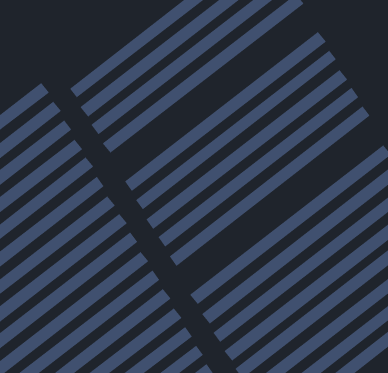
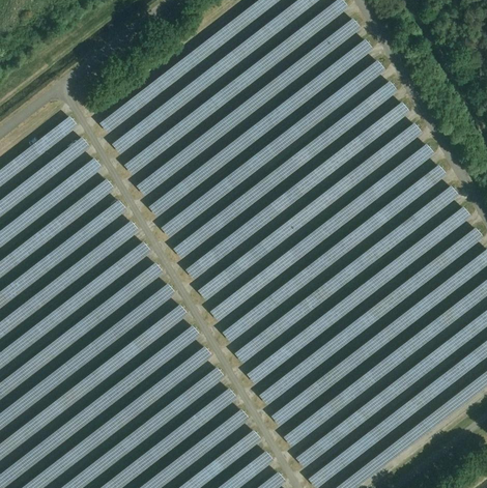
building: none -> [147,38,373,218]
building: none -> [220,165,446,344]

